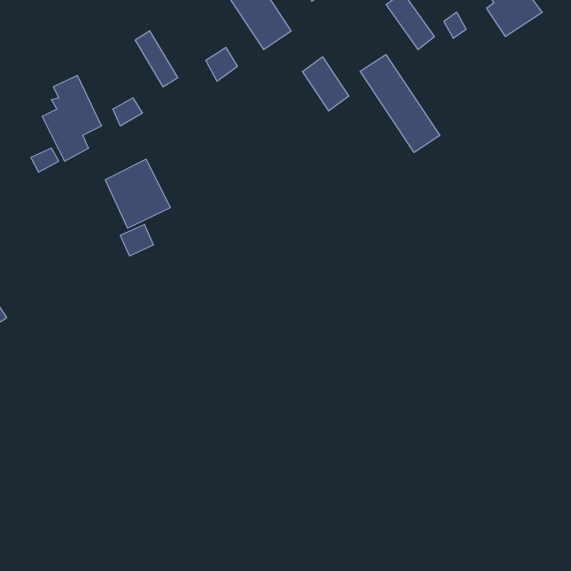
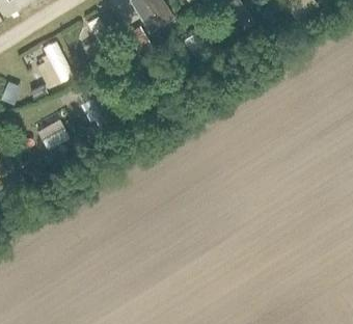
building: [360,55,440,152] -> none
building: none -> [31,111,69,153]

